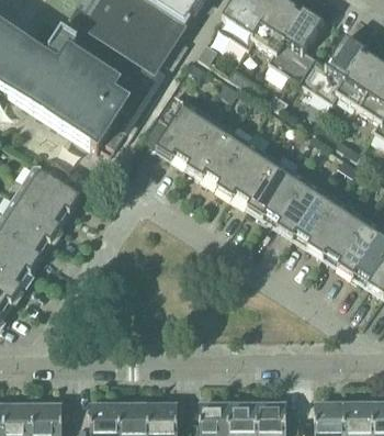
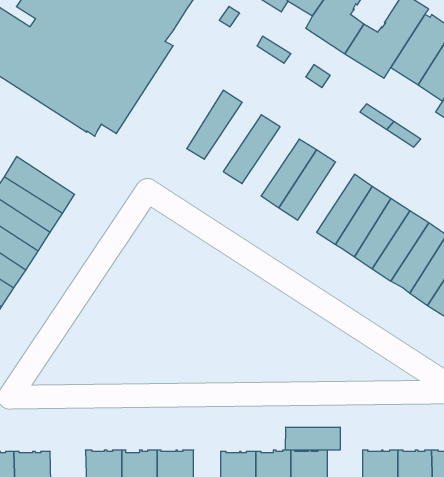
building: [155,92,201,158] -> none
building: [185,121,231,177] -> none
building: [216,141,262,197] -> none
building: [261,169,307,226] -> none
building: none -> [286,427,340,450]

